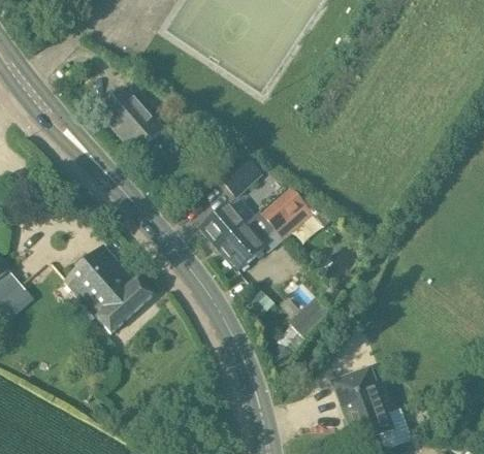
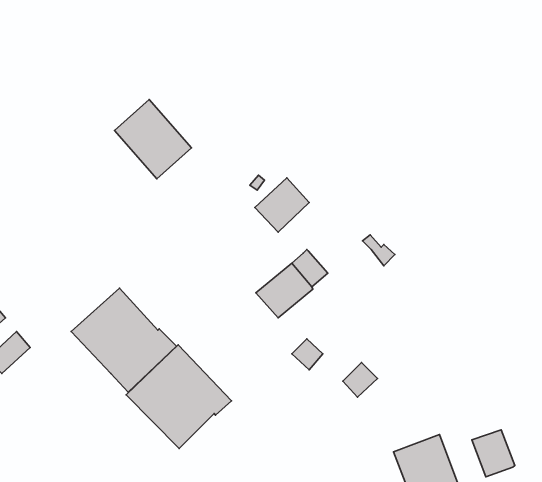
building: [264,193,309,237] -> none
building: [200,203,248,249] -> none
building: none -> [126,345,231,449]
building: none -> [472,430,515,477]

